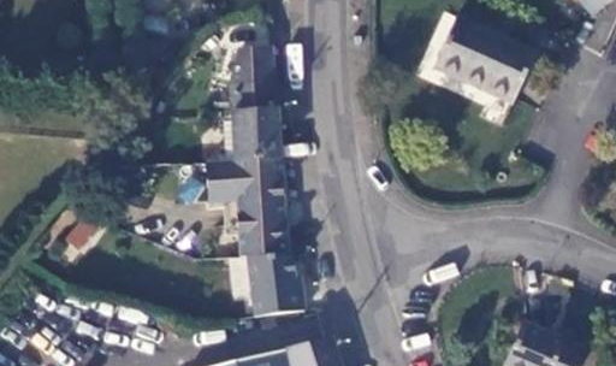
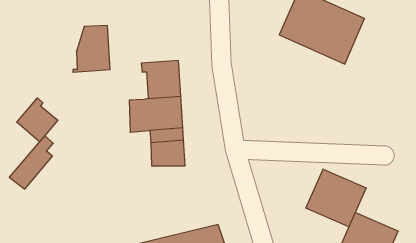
building: [224,48,276,113] -> [73,26,110,72]
building: none -> [17,98,58,142]
building: [248,256,304,317] -> none
building: none -> [306,169,366,227]

